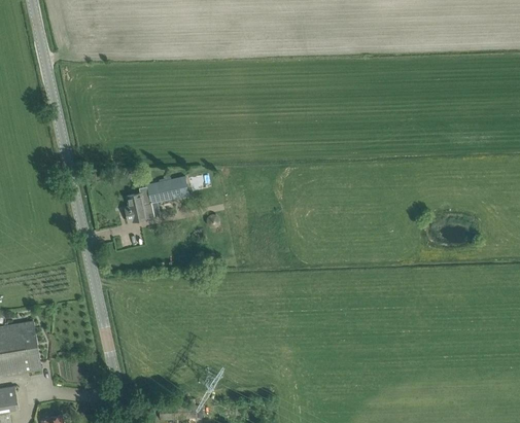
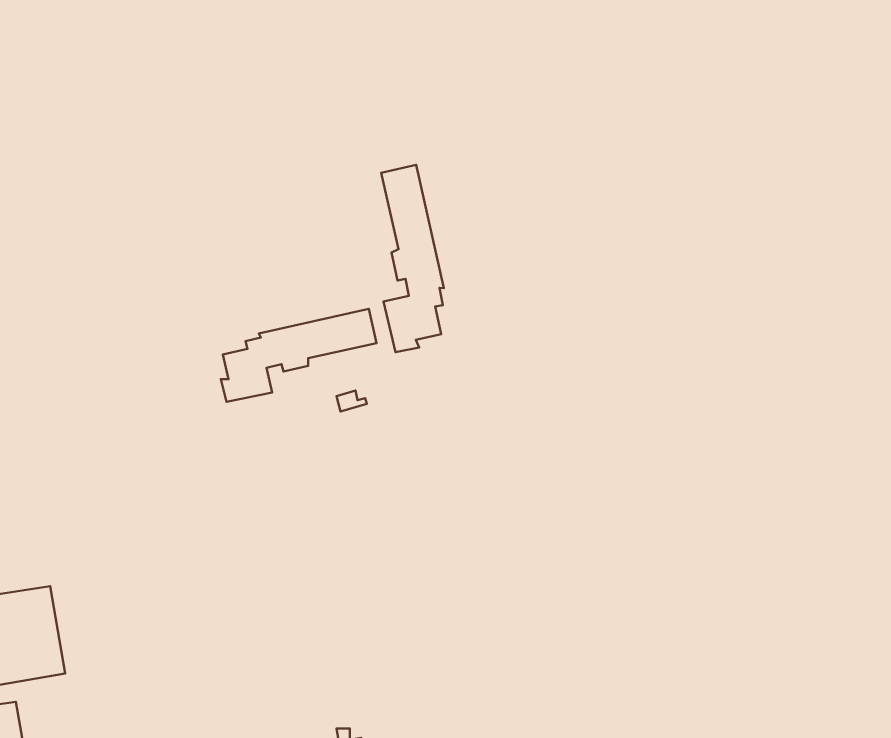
building: none -> [381,165,444,352]

